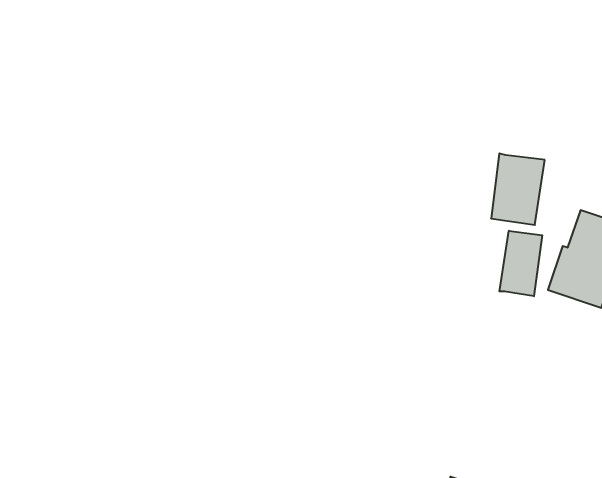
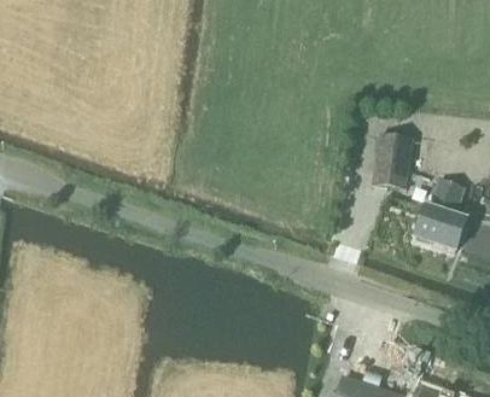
building: [499,231,542,296] -> none

